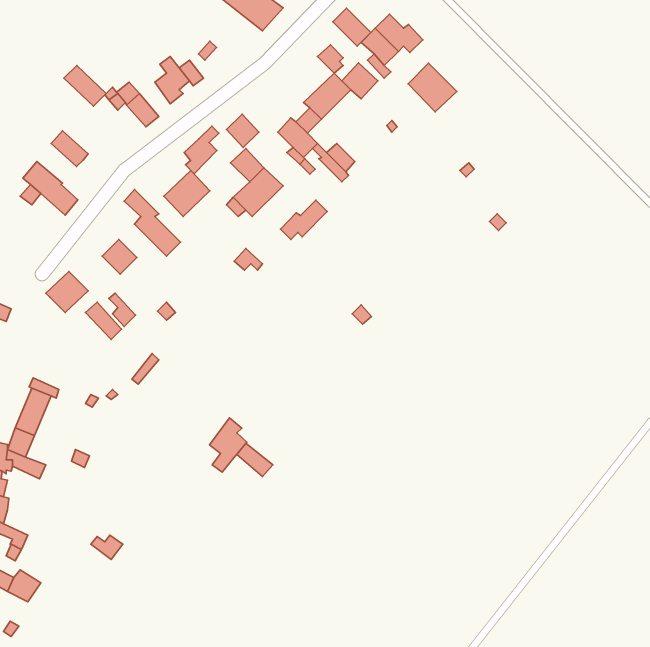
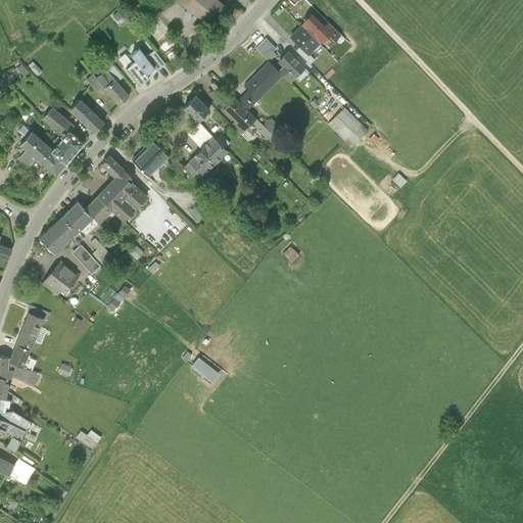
building: [333,8,371,46] -> none
building: [408,63,457,112] -> [329,108,368,147]
building: [64,65,106,106] -> [70,98,104,131]
building: [184,126,219,174] -> none
building: none -> [52,131,84,162]
building: [281,200,327,240] -> none
building: none -> [98,182,136,220]
building: none -> [58,201,99,245]
building: none -> [43,260,79,294]
building: [209,418,247,472] -> none

